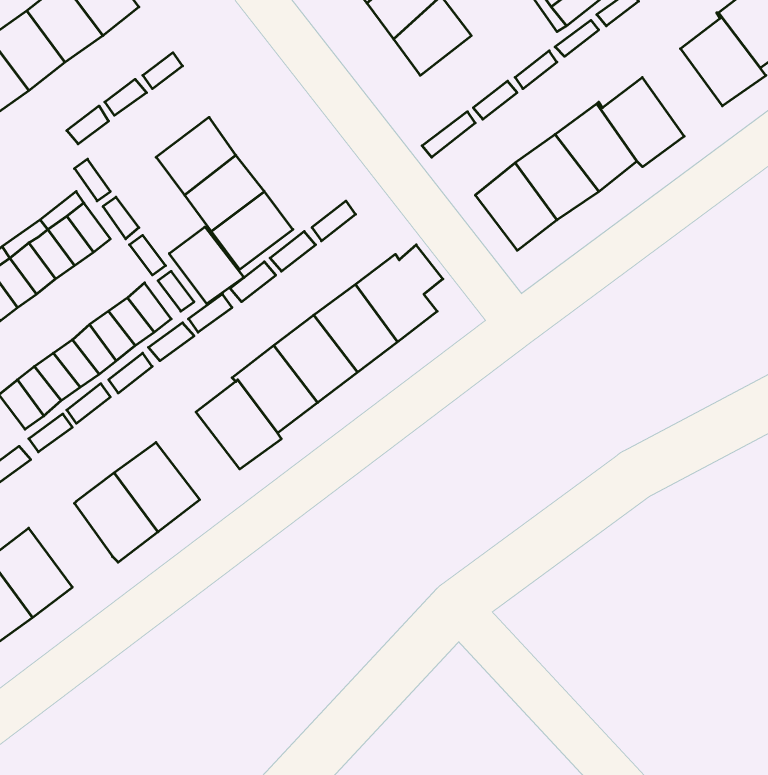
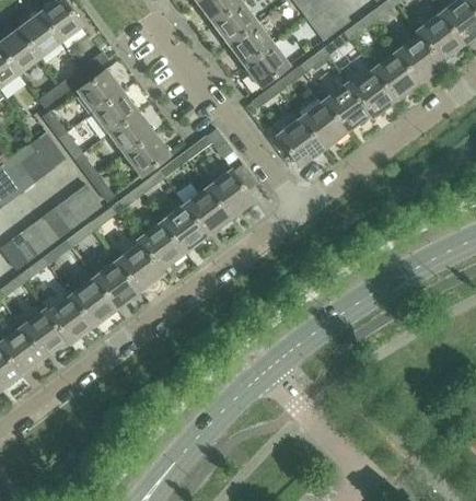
building: none -> [245,43,291,88]
building: none -> [373,44,419,101]
building: none -> [77,69,124,113]
building: [169,227,244,304] -> none
building: none -> [93,259,141,310]
building: none -> [20,307,68,360]

